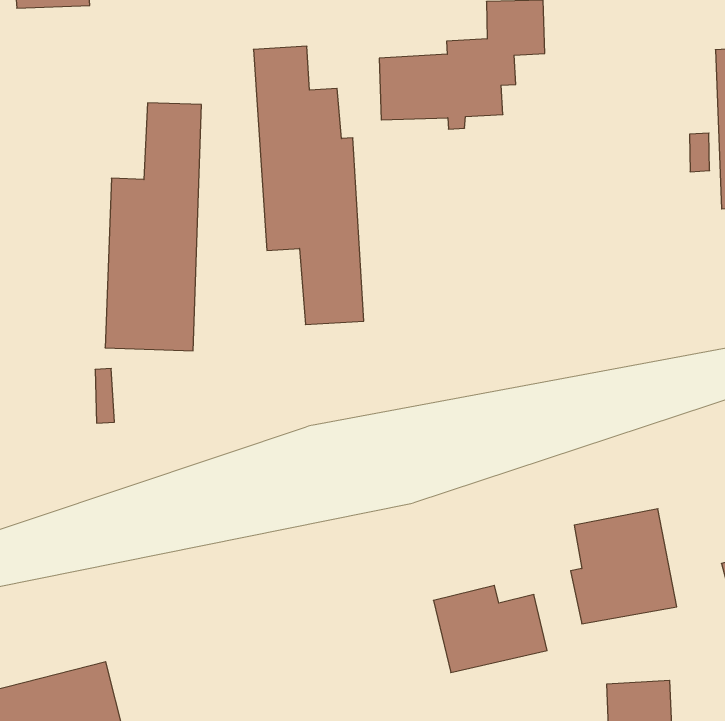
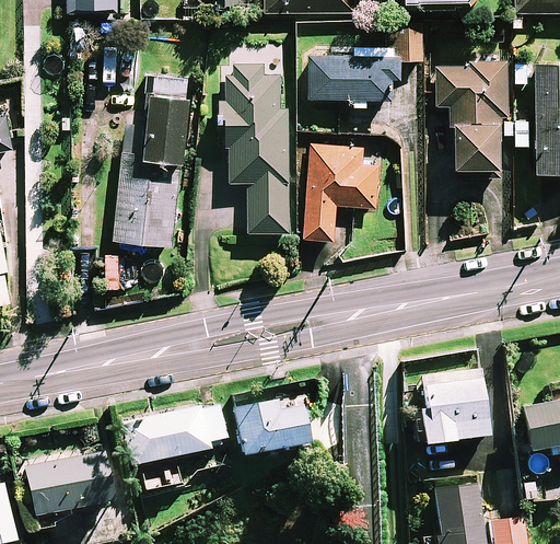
building: none -> [435,60,506,167]
building: none -> [303,143,378,240]
building: none -> [124,404,223,464]
building: [433,585,547,673] -> [233,398,307,455]

